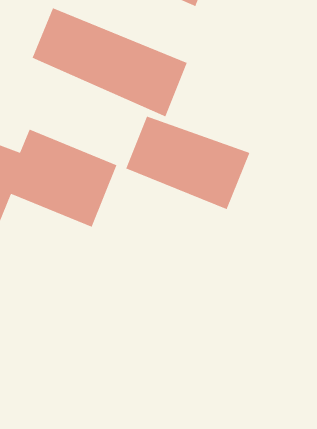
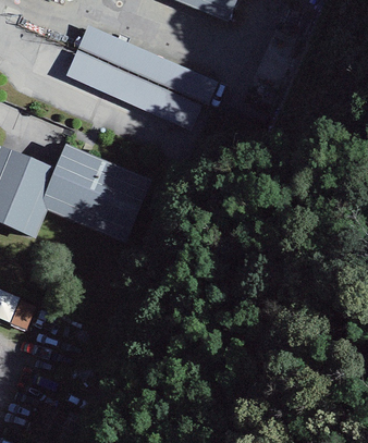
building: [125,115,251,210] -> none

